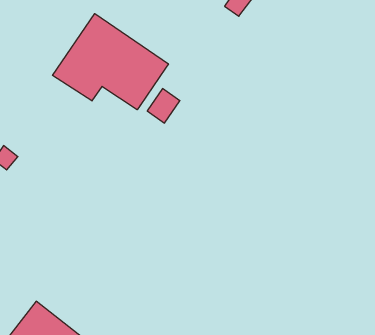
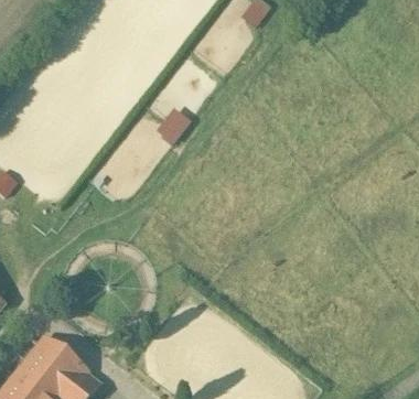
building: [53,14,168,110] -> none

